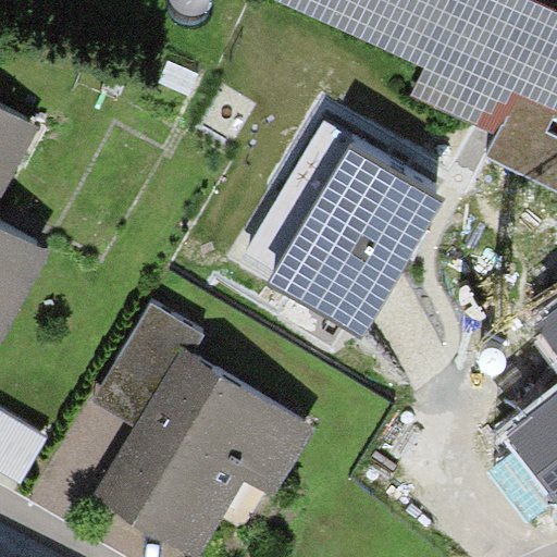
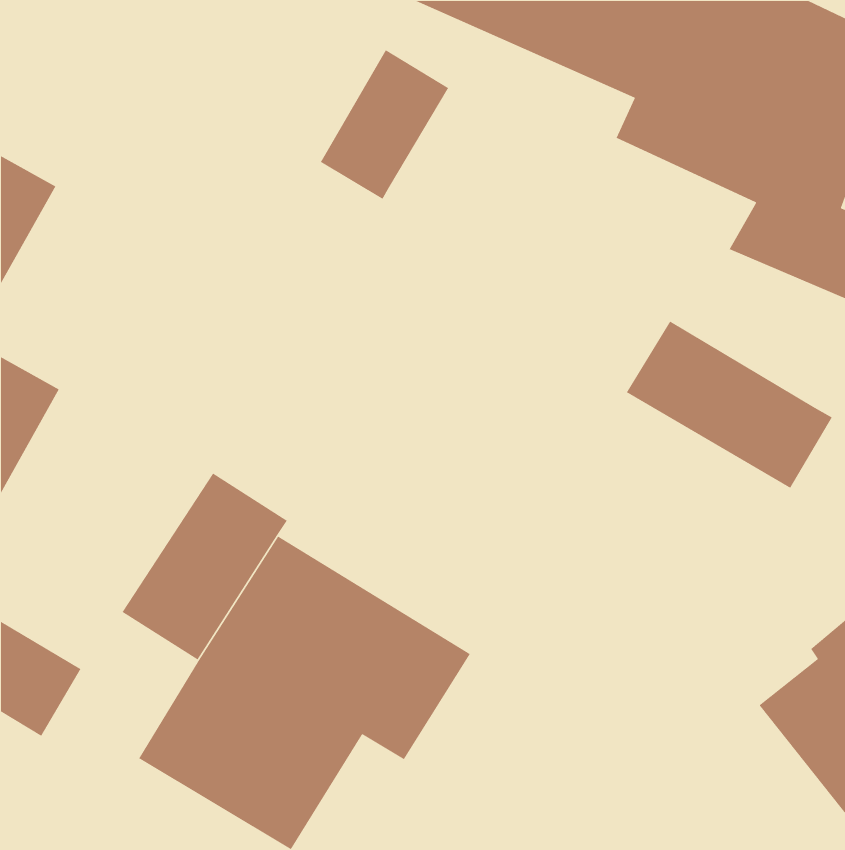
building: none -> [320,49,449,200]
building: [251,113,449,319] -> none
building: none -> [626,320,833,489]

